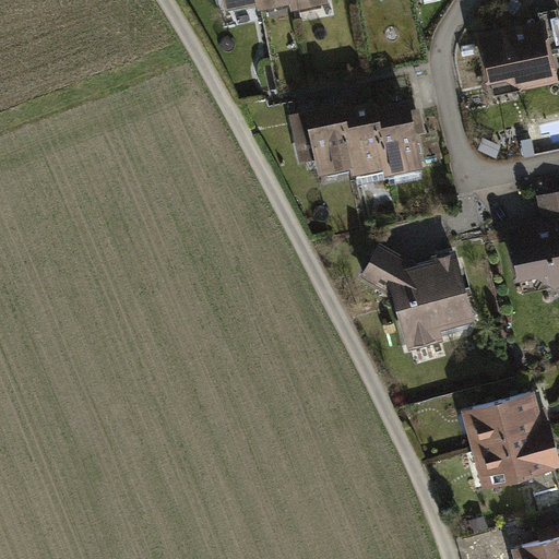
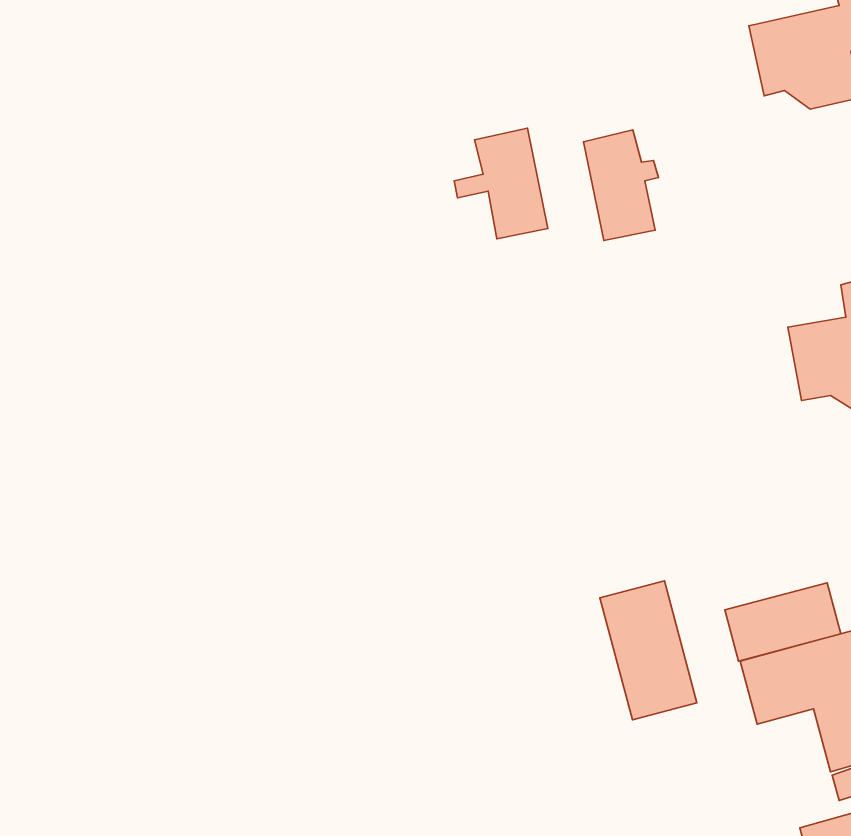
building: [341,103,388,174] -> none
building: [366,250,473,347] -> none
building: none -> [600,581,697,720]

